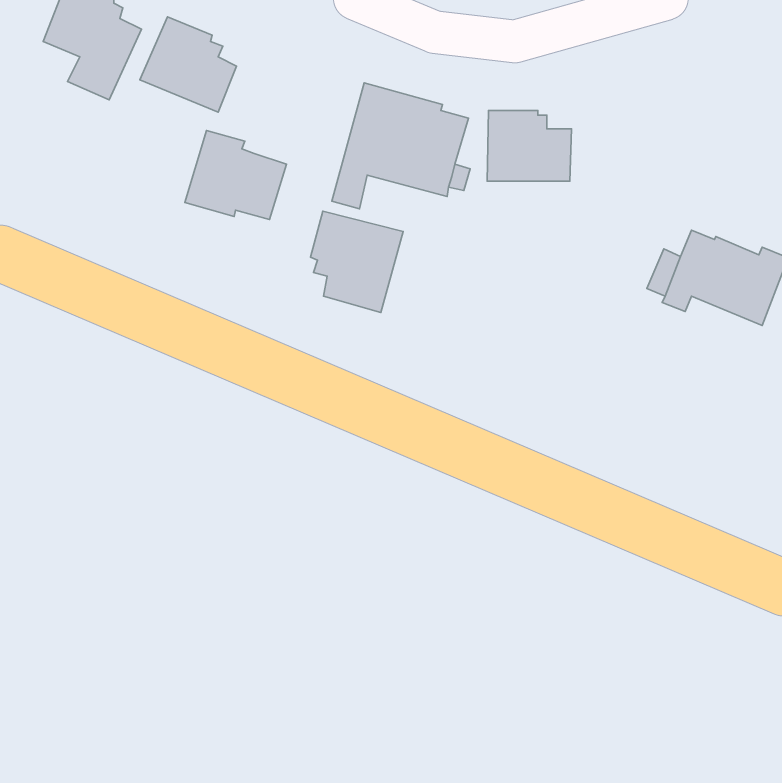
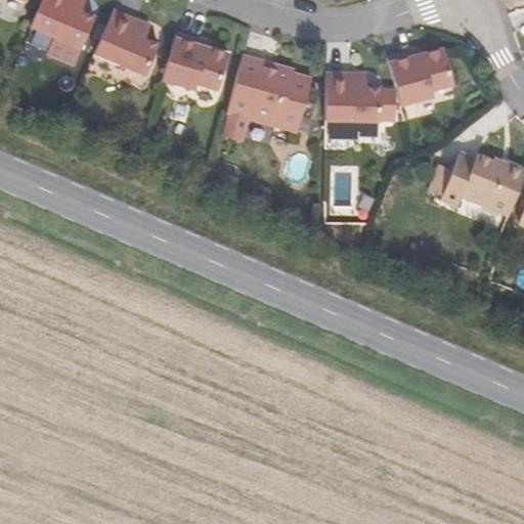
building: none -> [387,48,452,104]
building: [185,130,286,220] -> [163,34,230,93]
building: [310,211,403,313] -> none

